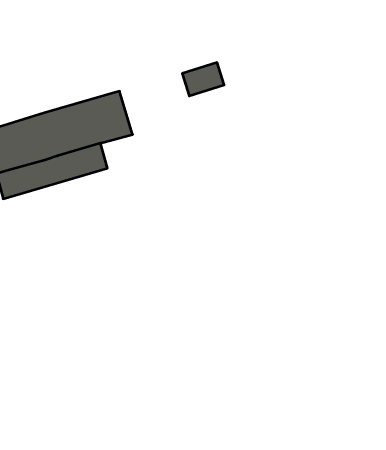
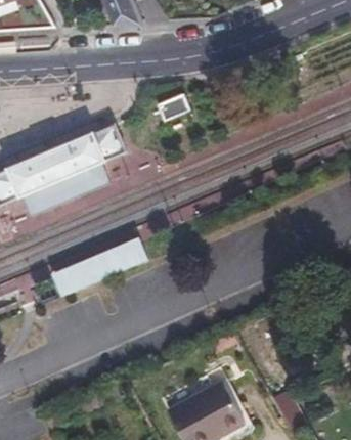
building: none -> [50,235,147,294]

